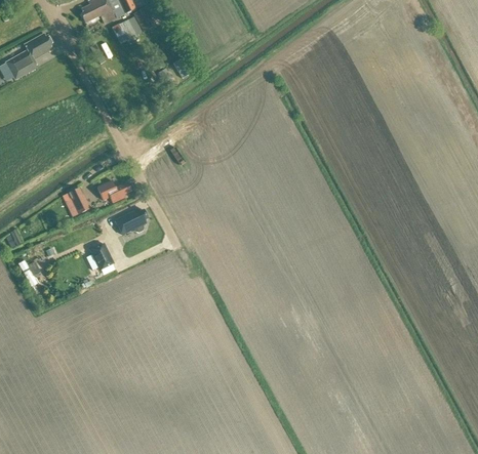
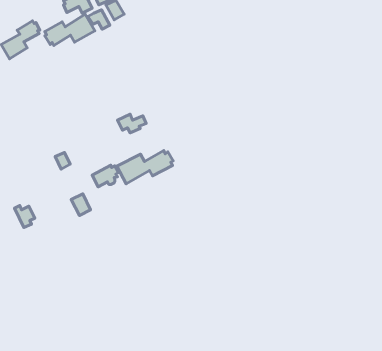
building: none -> [45,14,95,46]
building: [95,179,130,202] -> [117,114,146,133]
building: none -> [117,151,173,184]

